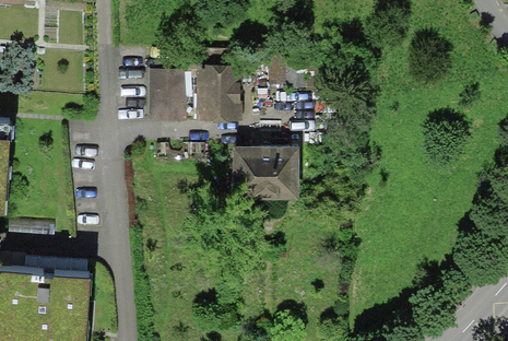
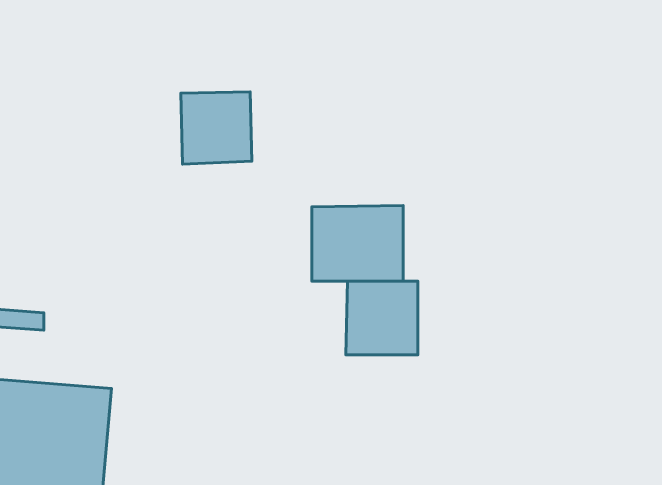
building: [191,64,241,114] -> none
building: none -> [346,281,418,355]

